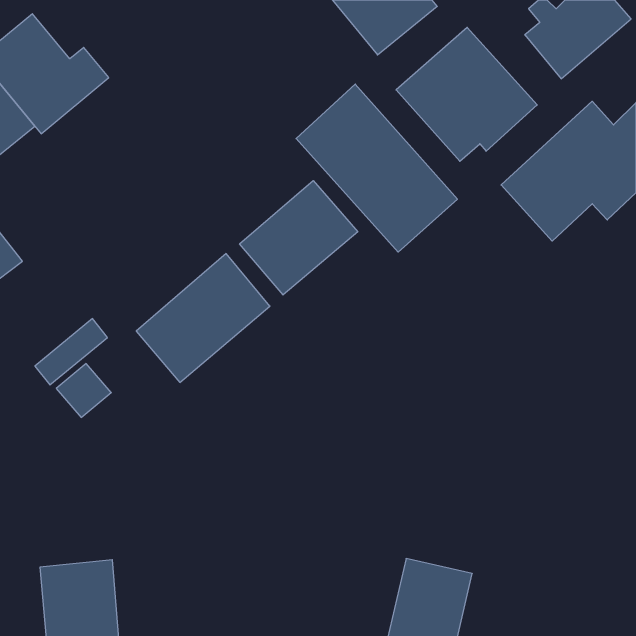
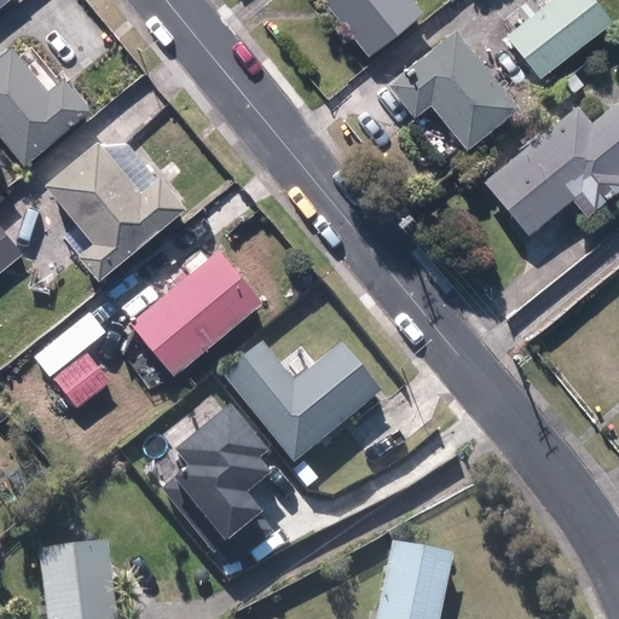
building: [296,84,457,252] -> none
building: none -> [46,138,185,274]
building: [240,181,358,295] -> none
building: none -> [221,343,384,467]
building: none -> [173,409,272,573]

